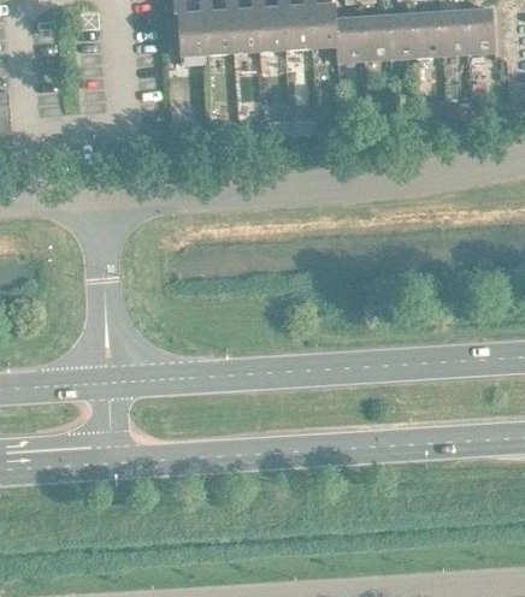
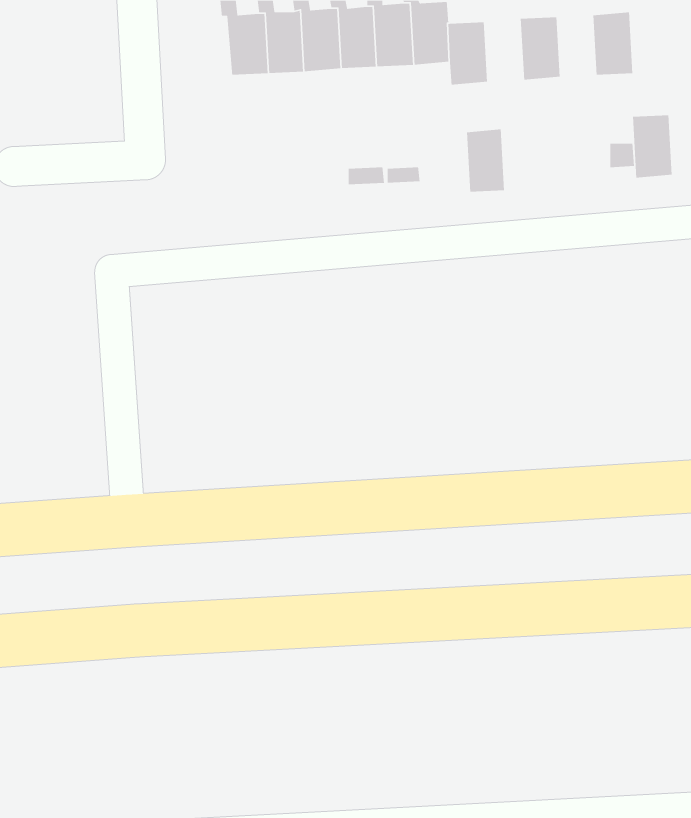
building: [464,8,492,54] -> [632,114,673,178]
building: [412,12,440,57] -> none
building: [360,14,388,60] -> [466,129,505,193]

